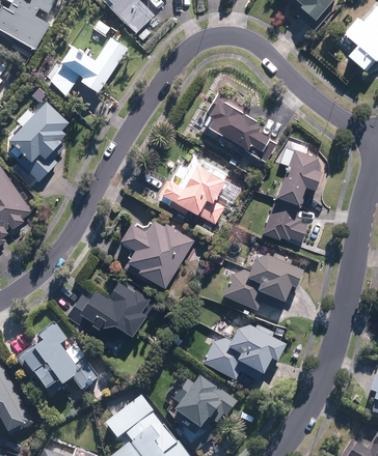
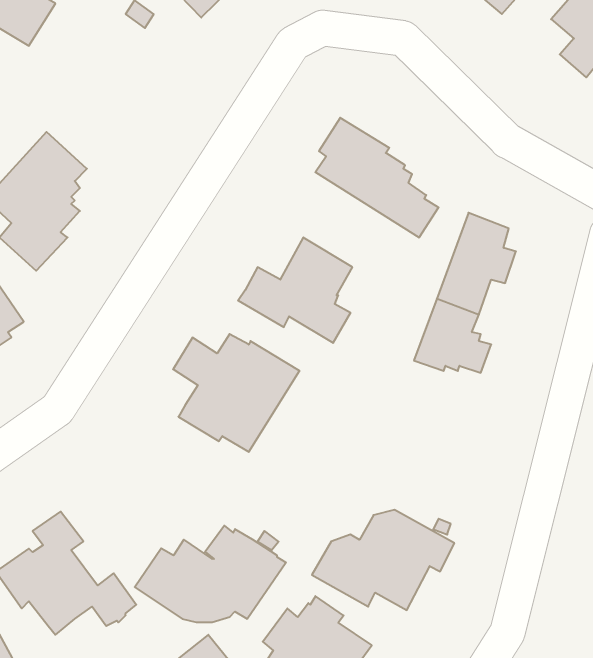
building: [51,36,128,95] -> none
building: [223,252,303,310] -> none
building: [66,280,156,337] -> [135,526,286,622]

